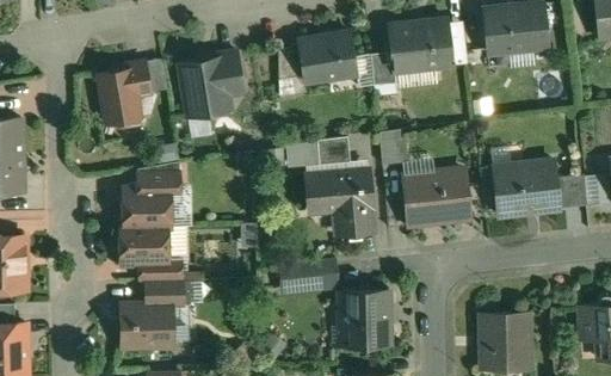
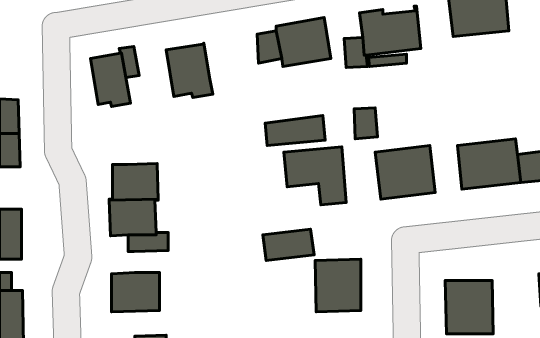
building: [218,51,243,95] -> none
building: [137,162,180,189] -> none
building: [146,281,185,304] -> none

